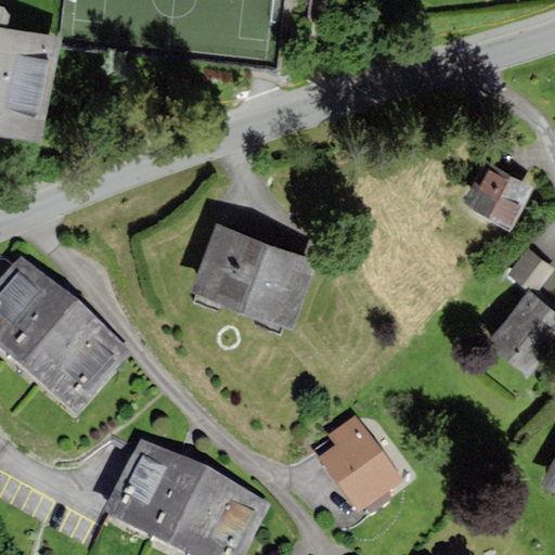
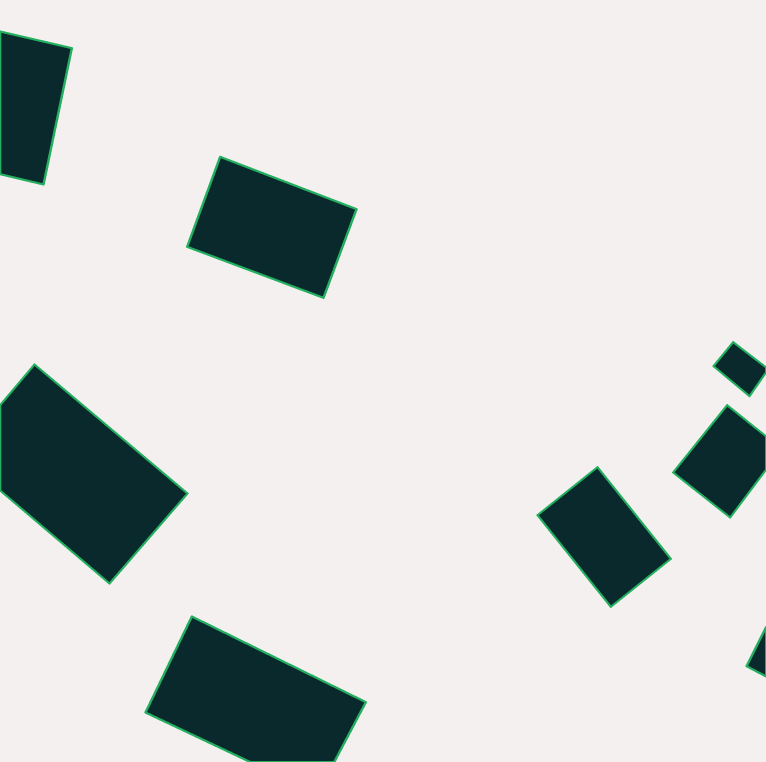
building: [468,155,540,225] -> none
building: [190,222,312,324] -> [187,157,357,298]
building: [317,418,413,519] -> [537,467,671,607]

